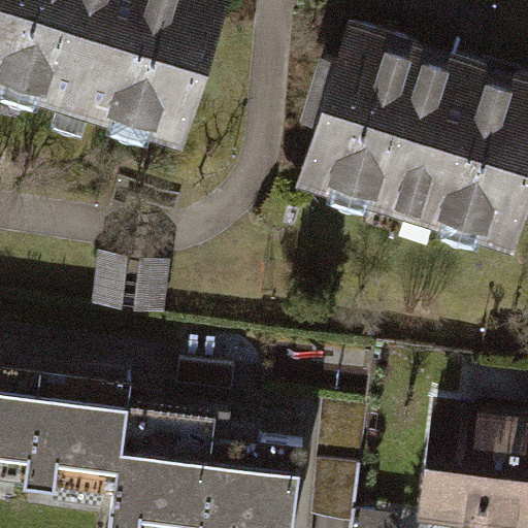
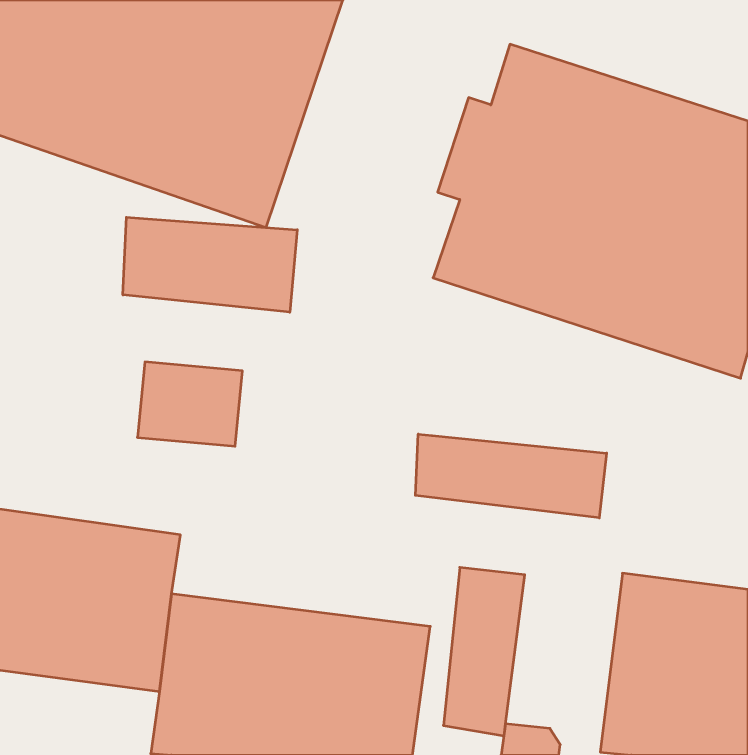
building: none -> [123,217,297,312]
building: none -> [415,434,607,518]

